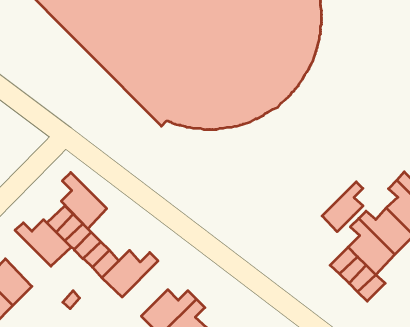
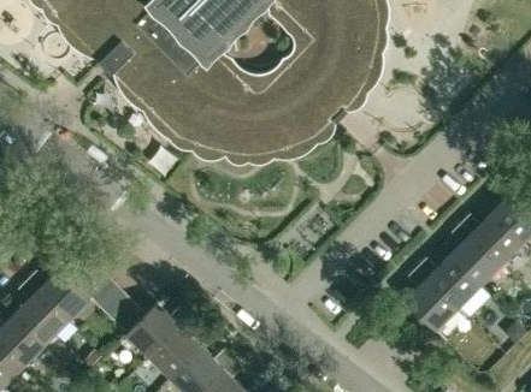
building: [61,172,107,229] -> [17,279,69,343]
building: [322,182,363,232] -> none
building: none -> [149,314,201,376]

